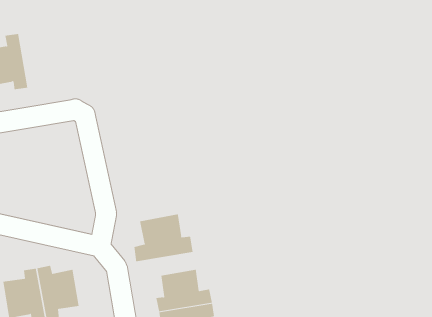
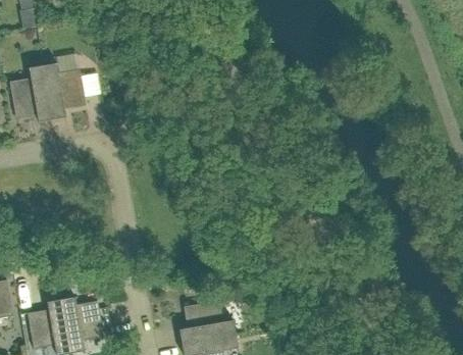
building: none -> [43,62,86,119]
building: [134,213,193,262] -> none

